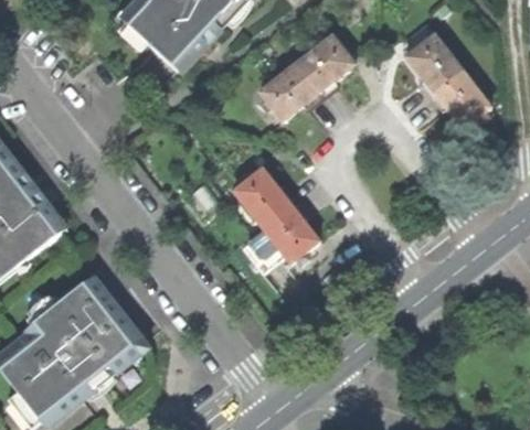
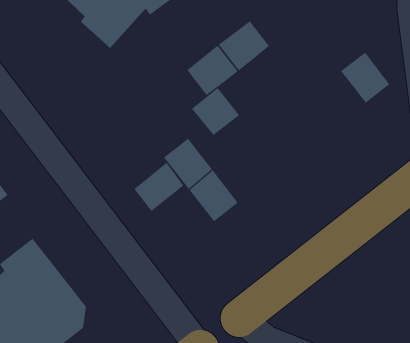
building: [405,32,462,90] -> none
building: none -> [191,87,240,136]
building: none -> [134,162,184,212]

